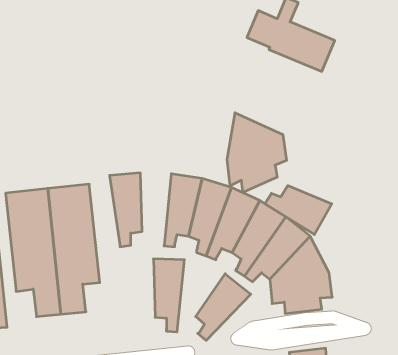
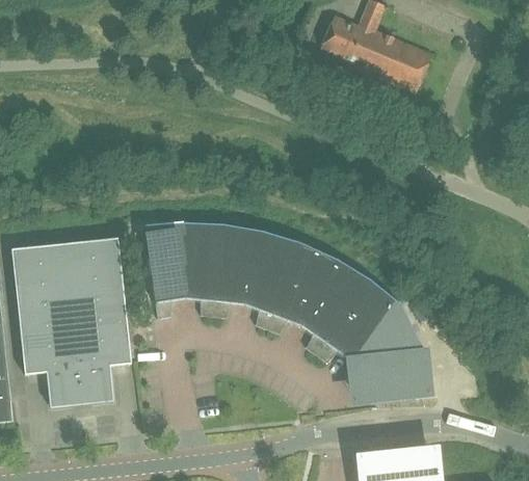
building: [227,113,287,193] -> none
building: [265,186,332,235] -> none
building: [153,259,184,332] -> [184,223,223,317]
building: [196,274,251,340] -> none

